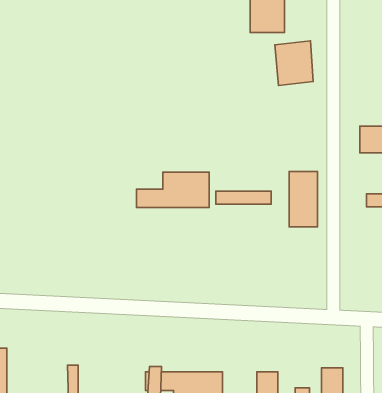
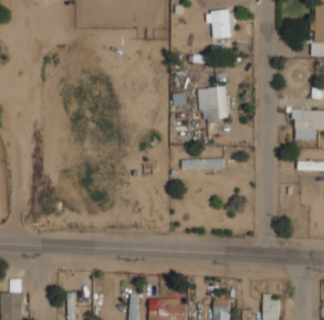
building: [275,41,313,86] -> [197,86,226,121]
building: [289,172,317,227] -> none
building: [137,172,209,208] -> none

